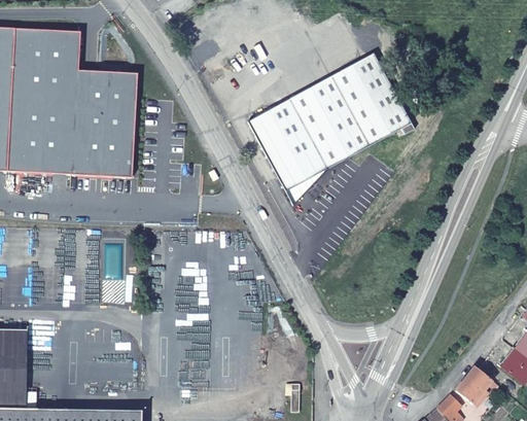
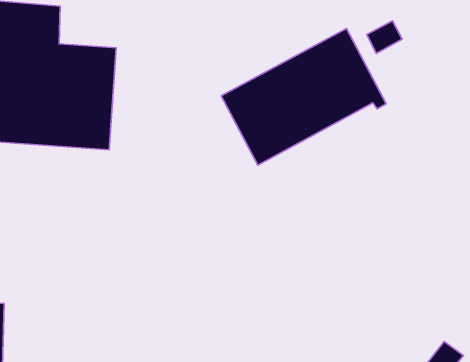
building: none -> [367,21,402,54]

